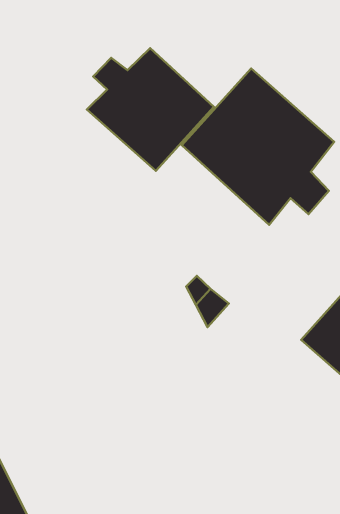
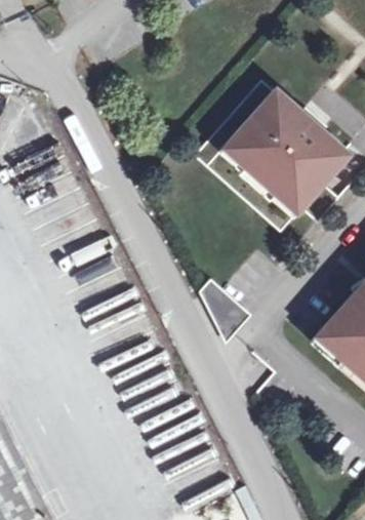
building: [87,48,214,171] -> none

